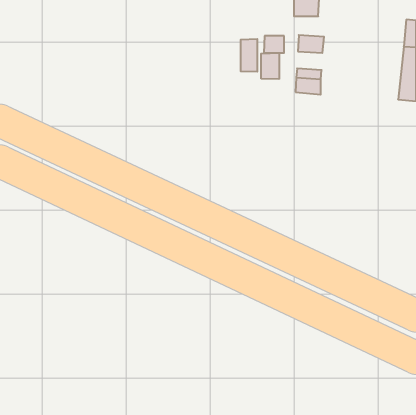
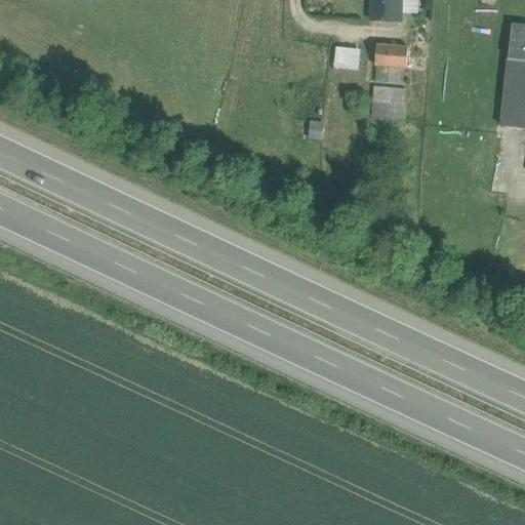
building: [241,39,257,72] -> none
building: [261,53,279,79] -> none

